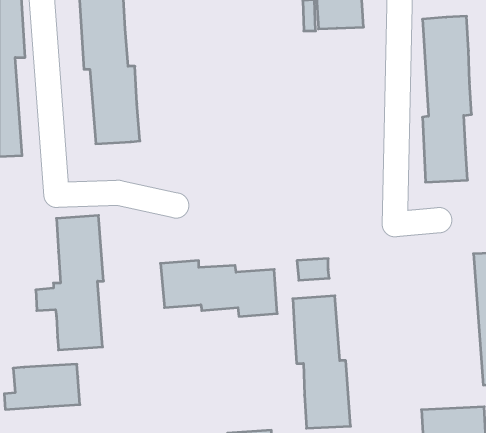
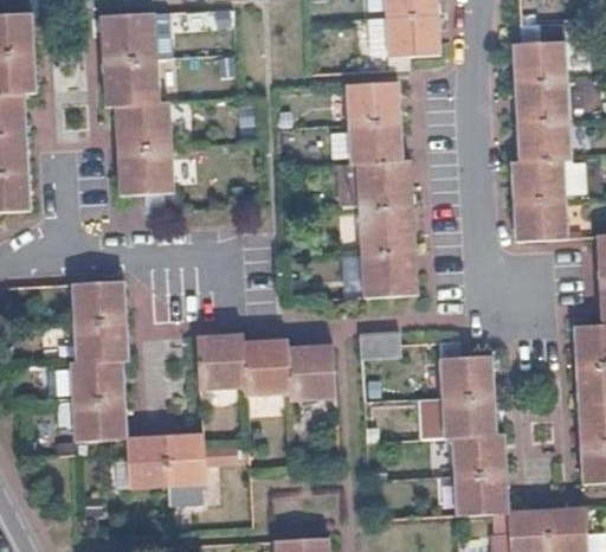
building: none -> [344,81,415,296]
building: [293,296,351,428] -> [440,357,510,516]
building: [4,364,80,409] -> [115,434,206,488]

